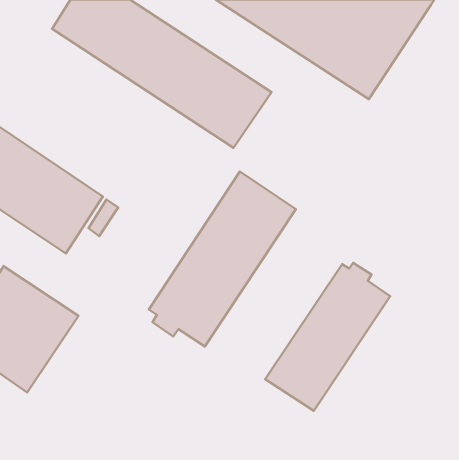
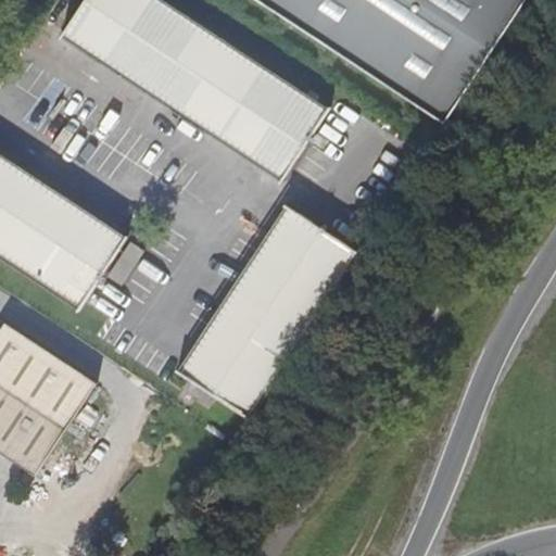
building: [265,263,390,411] -> none

